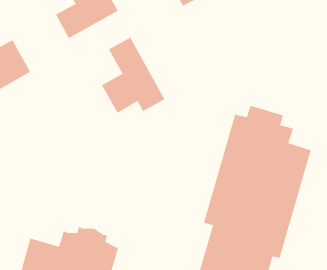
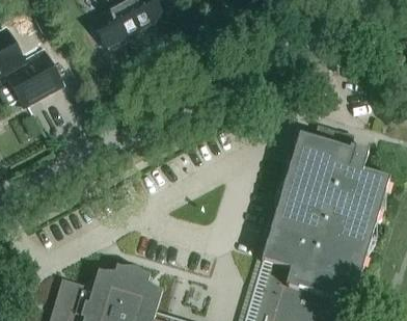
building: [101,37,165,114] -> none

